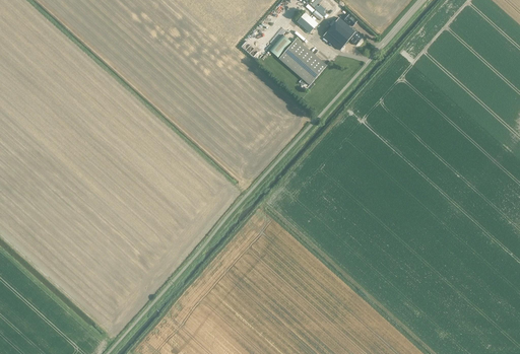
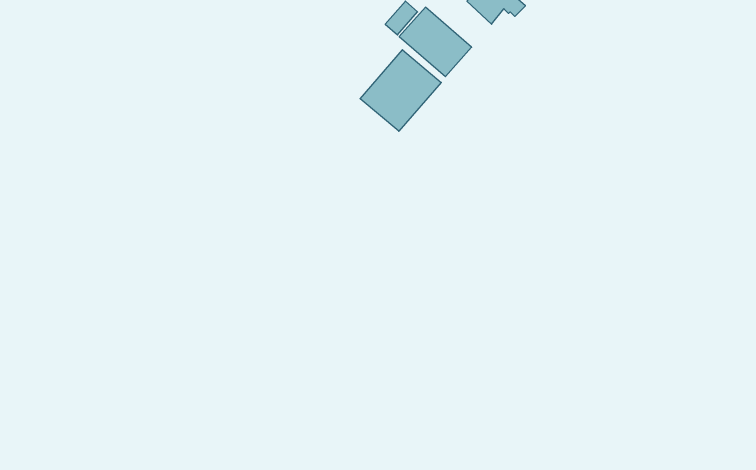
building: none -> [360,50,441,131]

